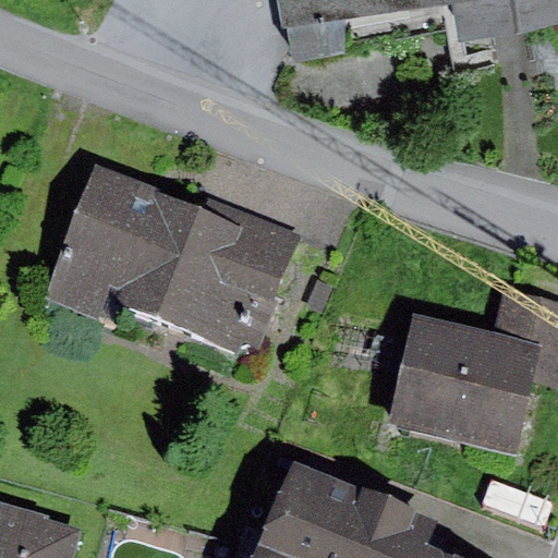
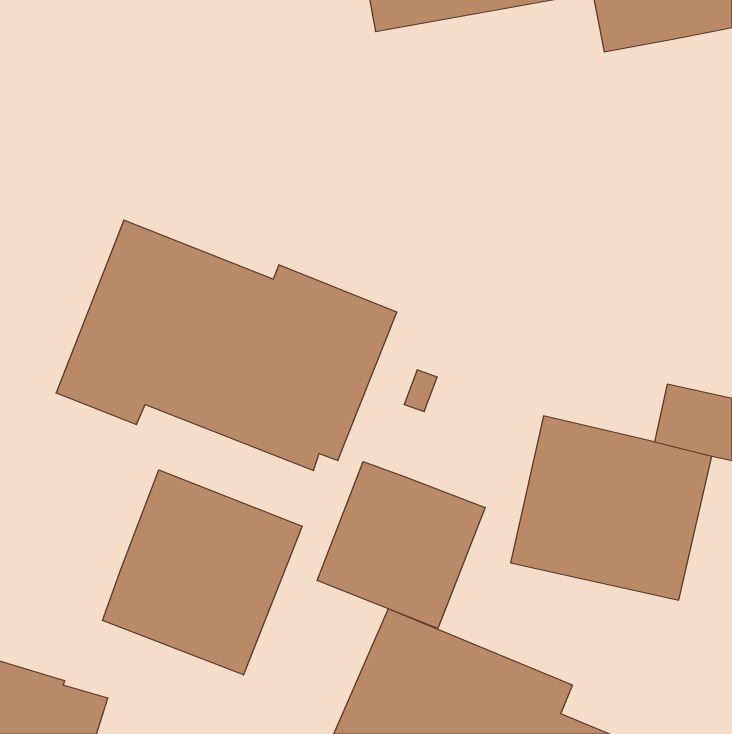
building: none -> [317,462,485,628]
building: none -> [103,470,302,675]

